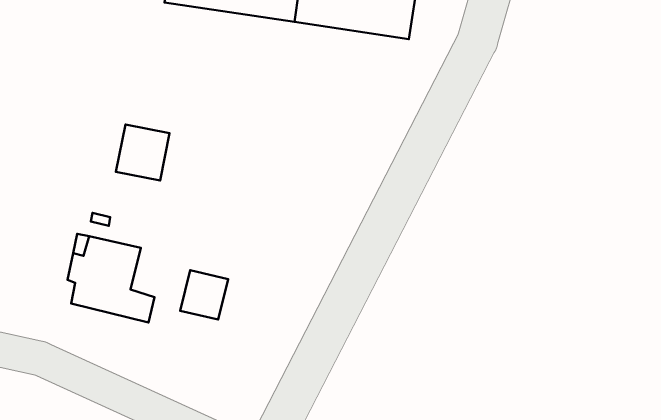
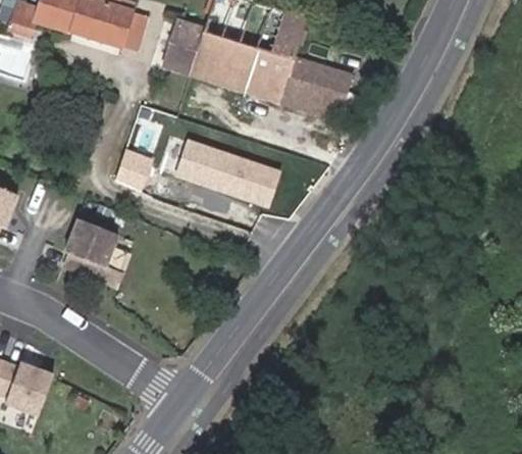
building: none -> [175,140,281,207]
building: [180,270,228,320] -> none

